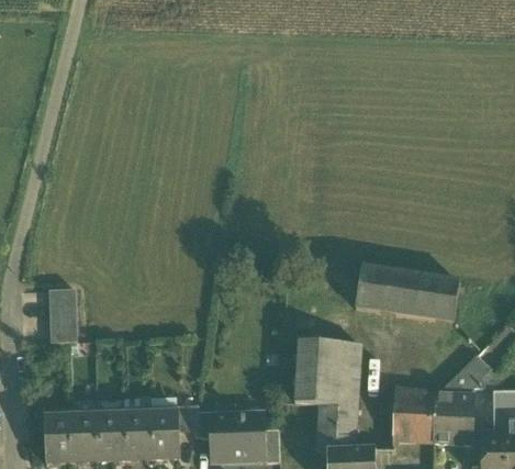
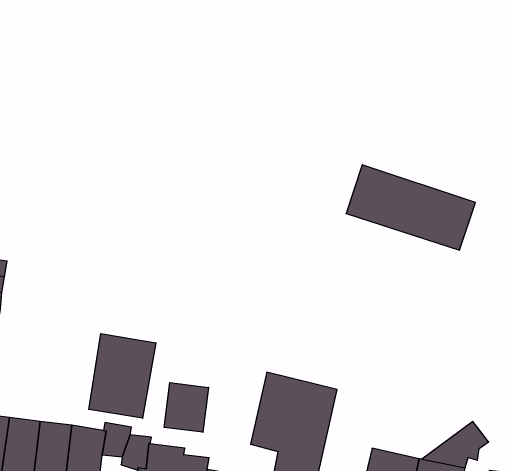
building: [357,265,460,321] -> [346,165,475,250]
building: none -> [89,334,156,418]
building: none -> [164,383,209,432]

